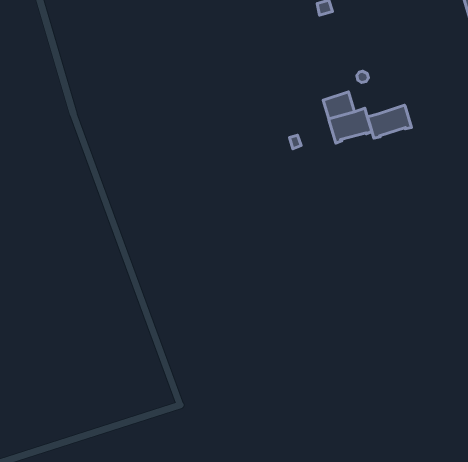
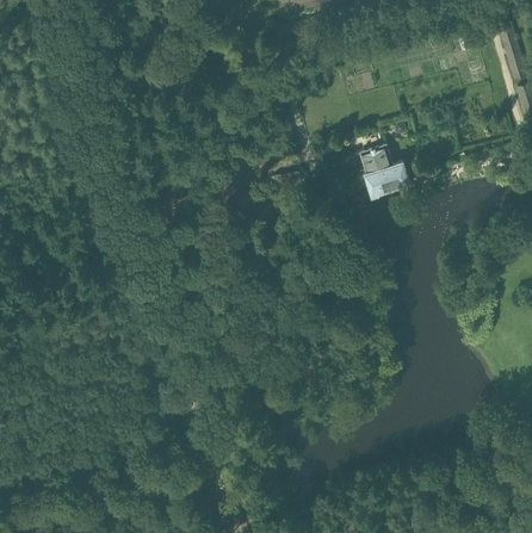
building: [367,105,412,138] -> none

